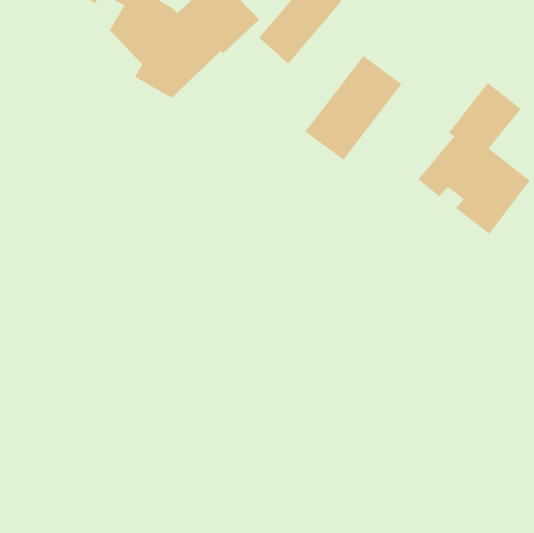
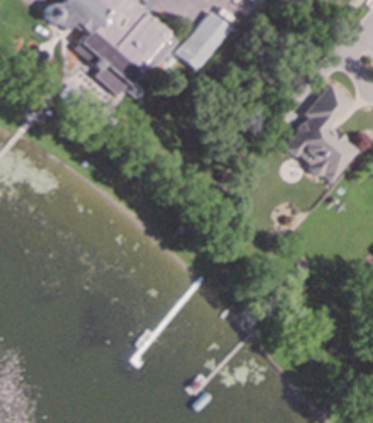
building: [305,55,402,161] -> none

